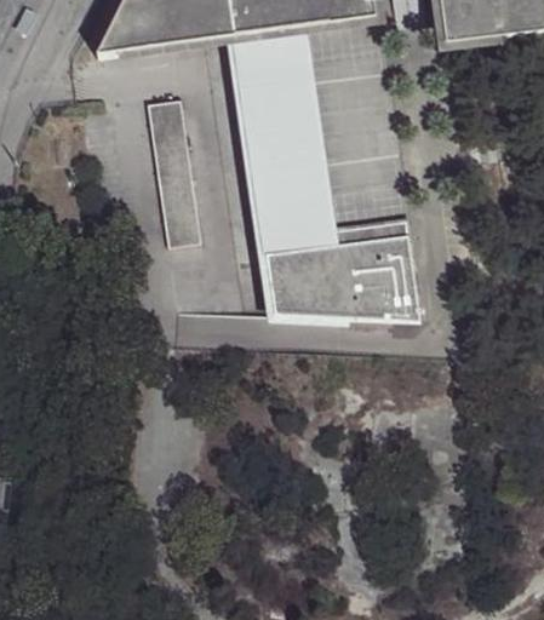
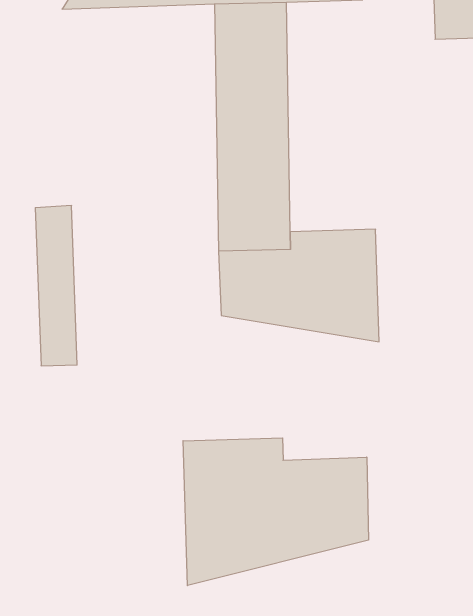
building: [145,98,201,247] -> [35,206,77,366]
building: none -> [183,438,368,586]

